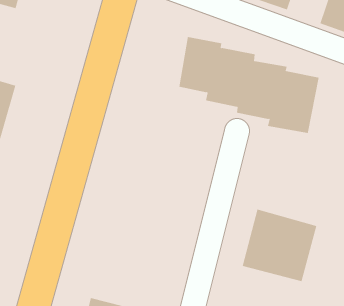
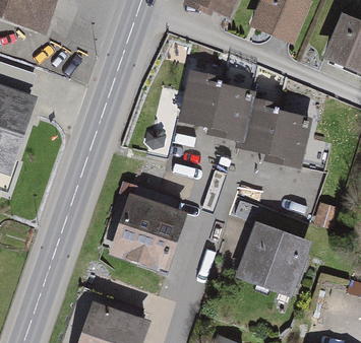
building: none -> [110,200,188,276]

